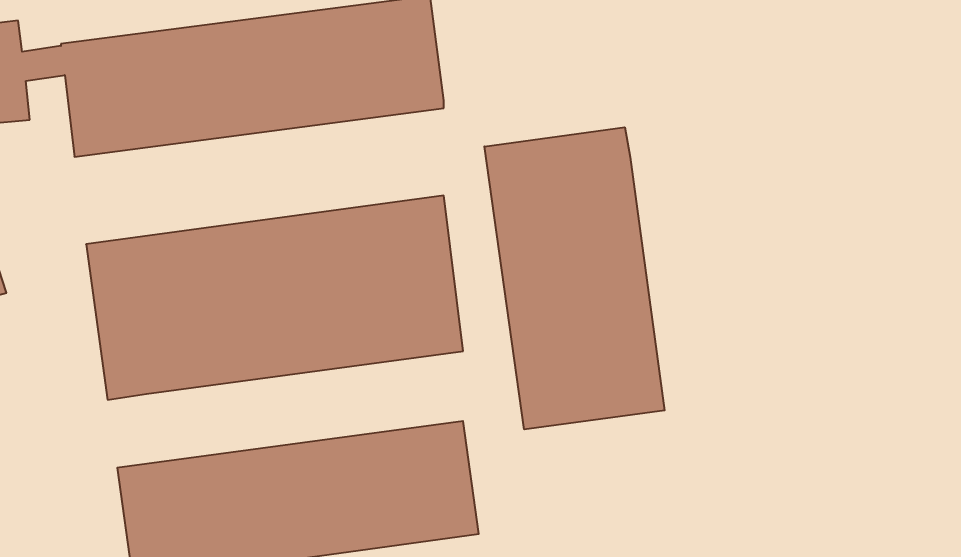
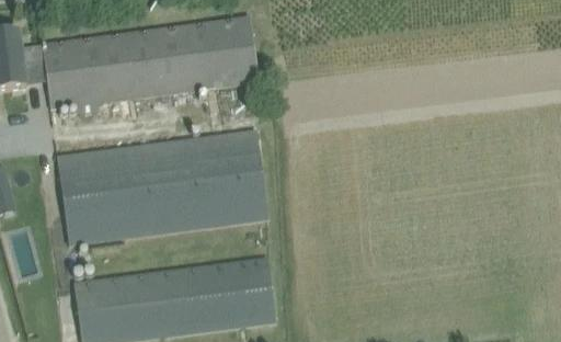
building: [484,127,665,429] -> none

